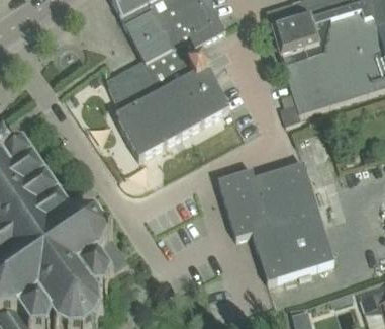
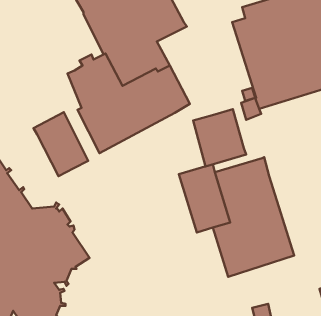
building: none -> [193,109,246,166]
building: none -> [33,112,88,176]

